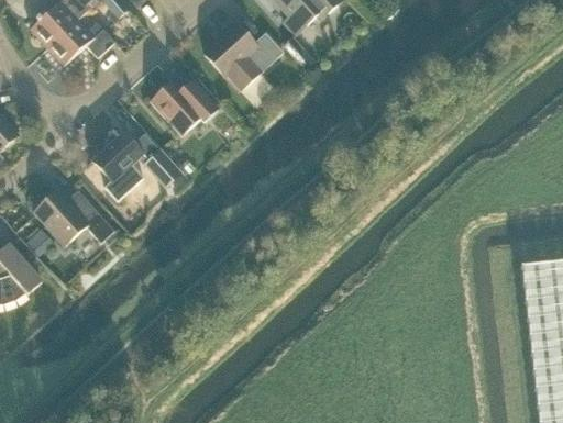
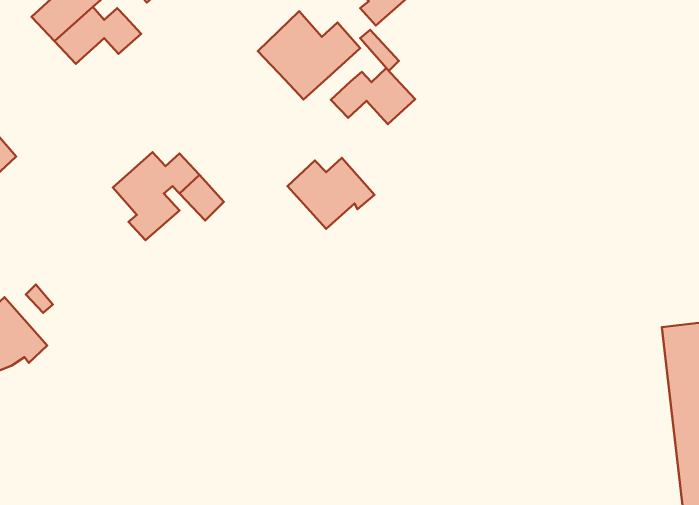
building: none -> [331,68,415,124]
building: [152,79,219,134] -> [288,158,374,229]
building: [35,189,114,244] -> none

